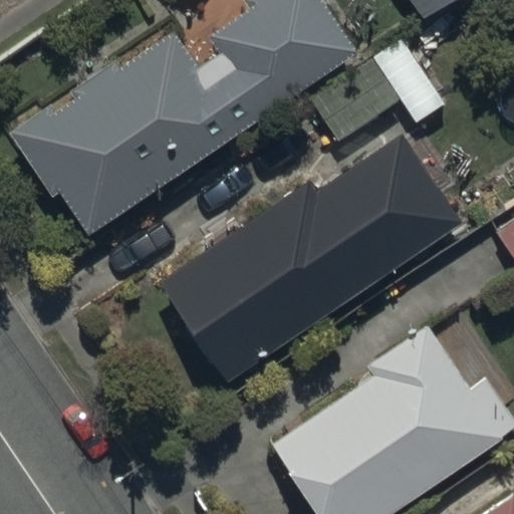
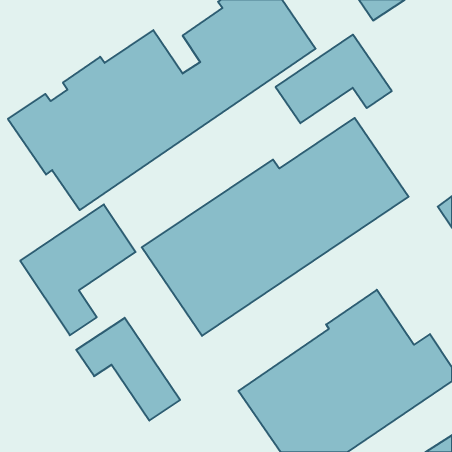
building: none -> [20,204,136,335]
building: none -> [76,318,180,421]

